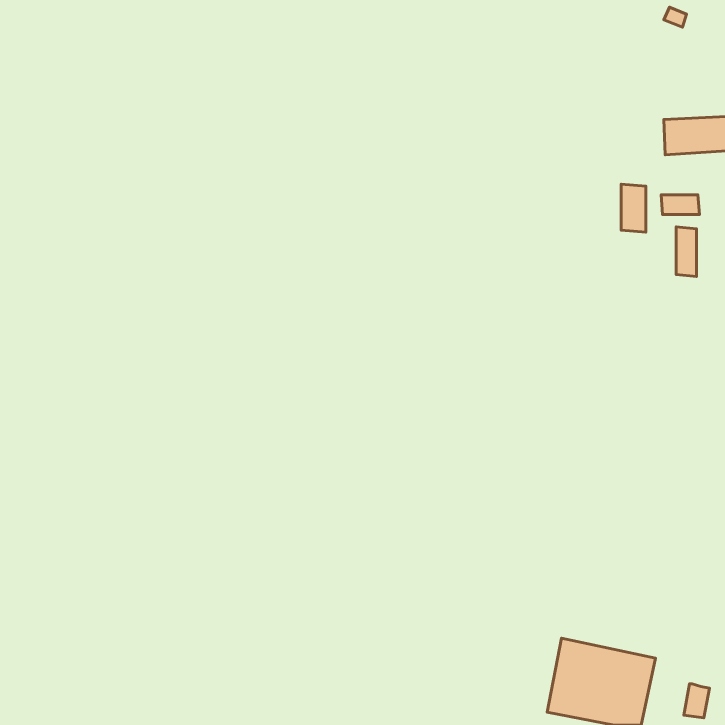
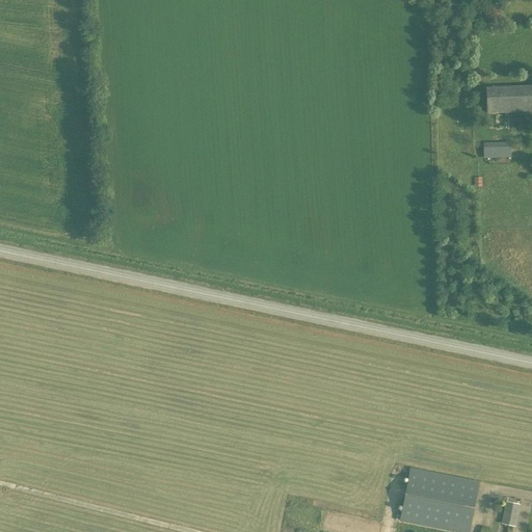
building: [621,184,646,232] -> none
building: [676,227,696,276] -> none

